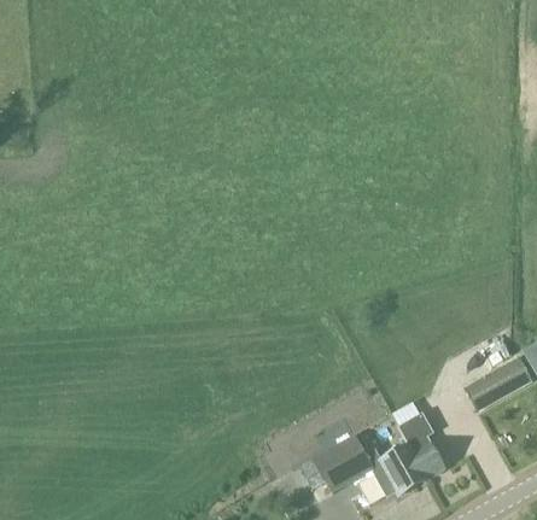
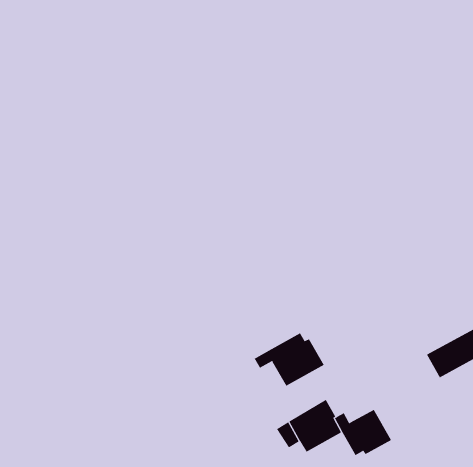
building: none -> [254,332,325,386]
building: [398,411,457,478] -> none

